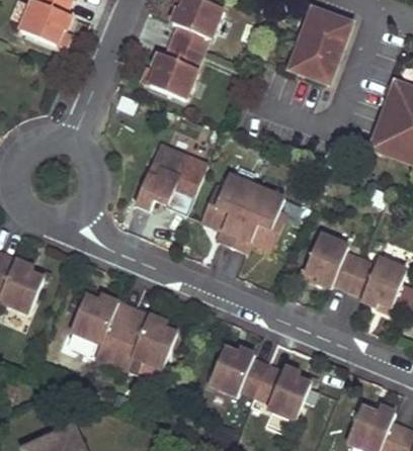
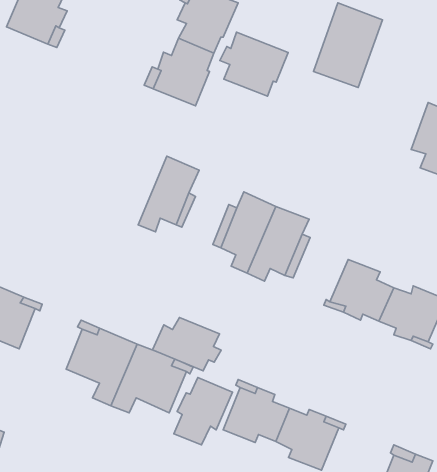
building: none -> [220,32,288,96]
building: none -> [153,318,221,371]
building: none -> [174,378,233,445]

